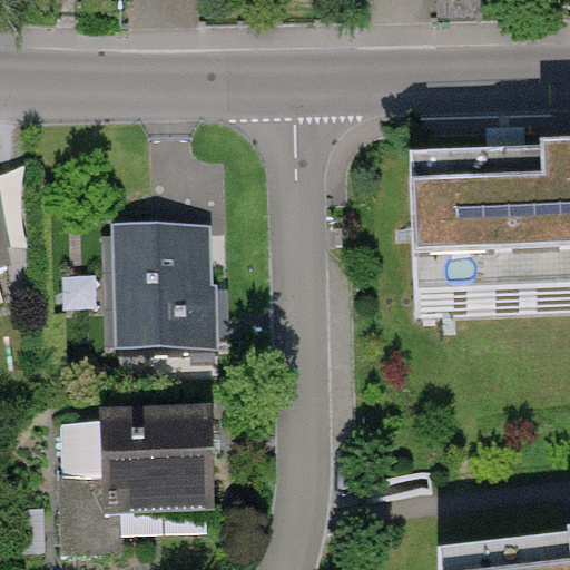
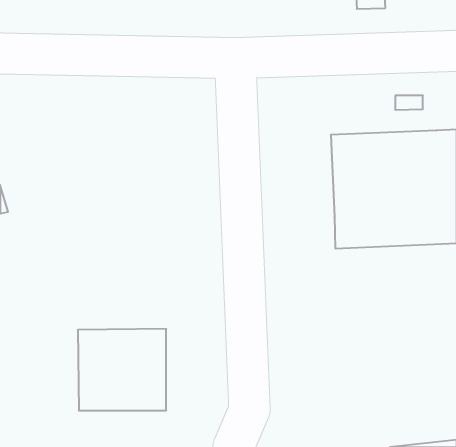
building: [110,222,213,344] -> none

